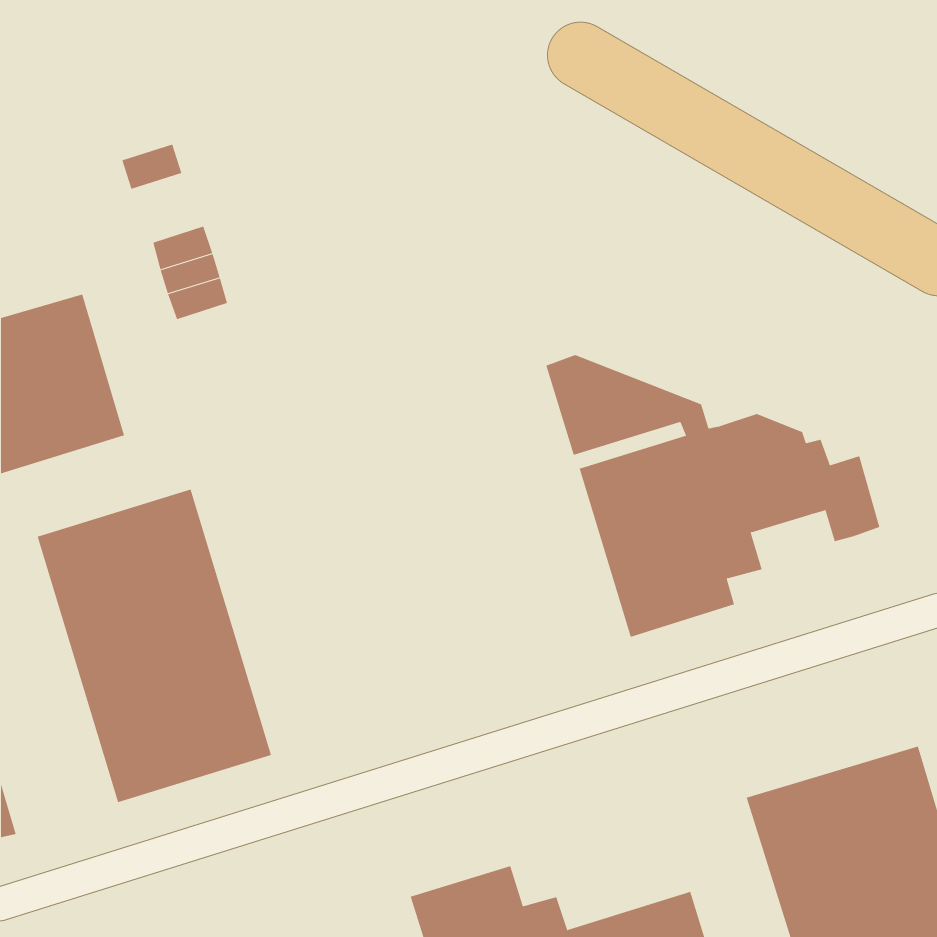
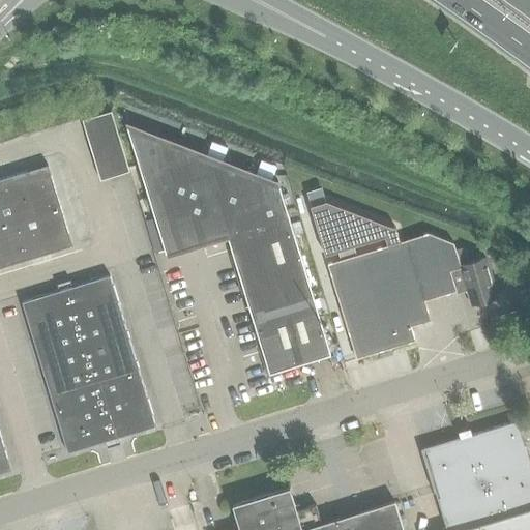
building: [122,144,182,190] -> [82,112,116,138]
building: none -> [127,128,330,374]

